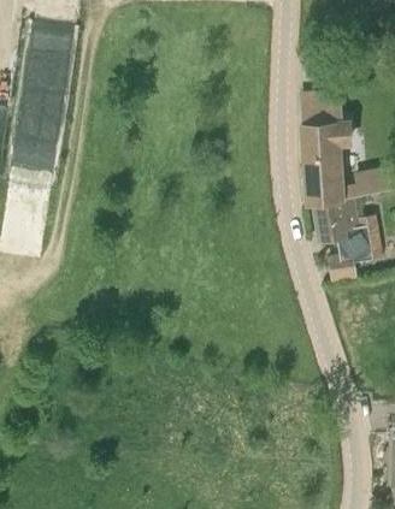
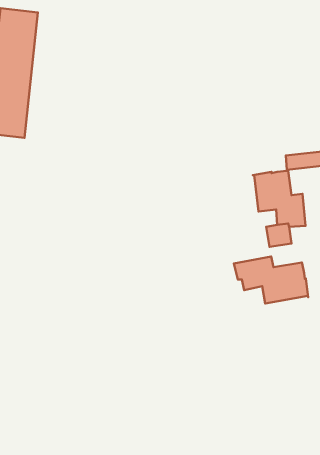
building: [305,95,352,203] -> none
building: none -> [234,257,308,303]

